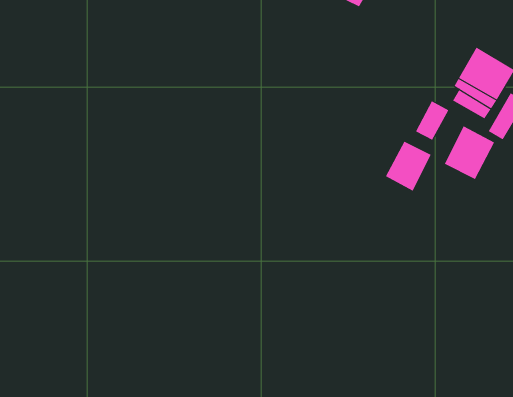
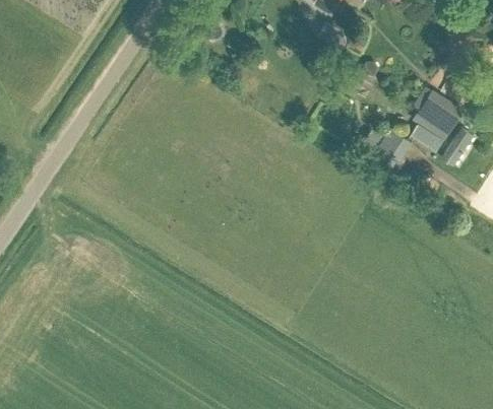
building: [444,126,495,180] -> none
building: [385,141,431,191] -> none

